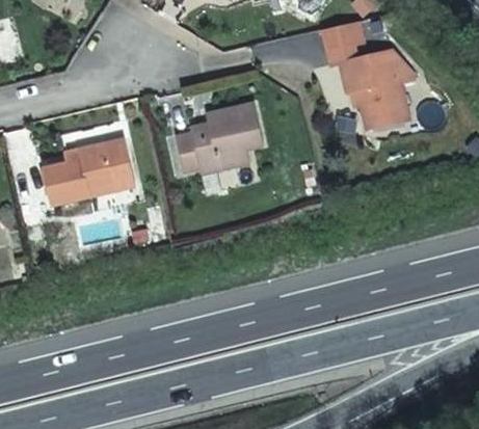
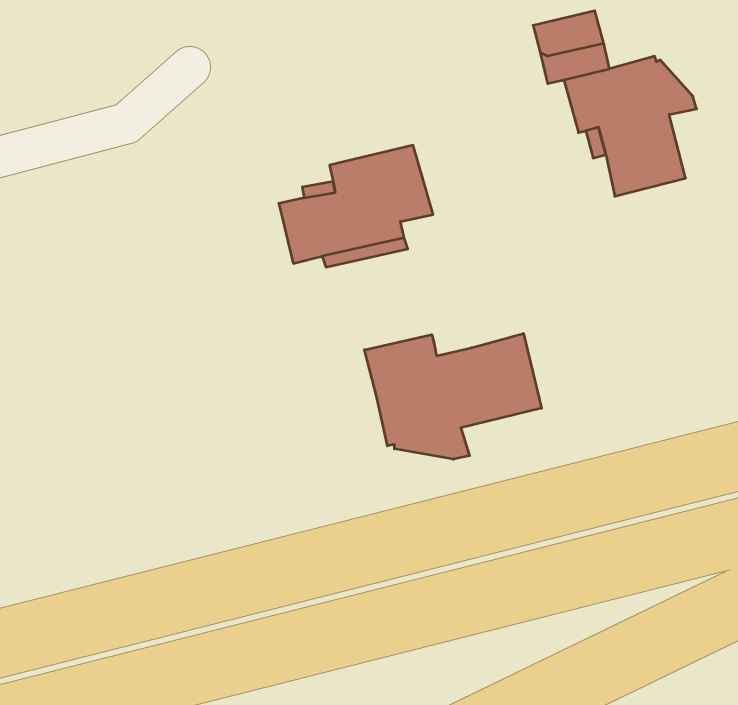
building: [39,140,134,204] -> none
building: none -> [364,333,542,459]

